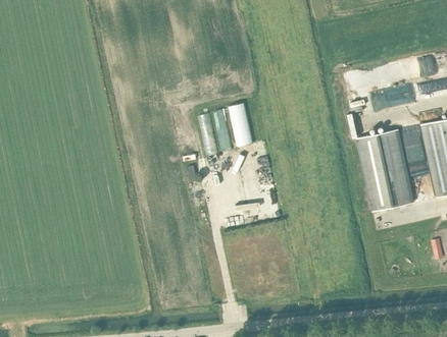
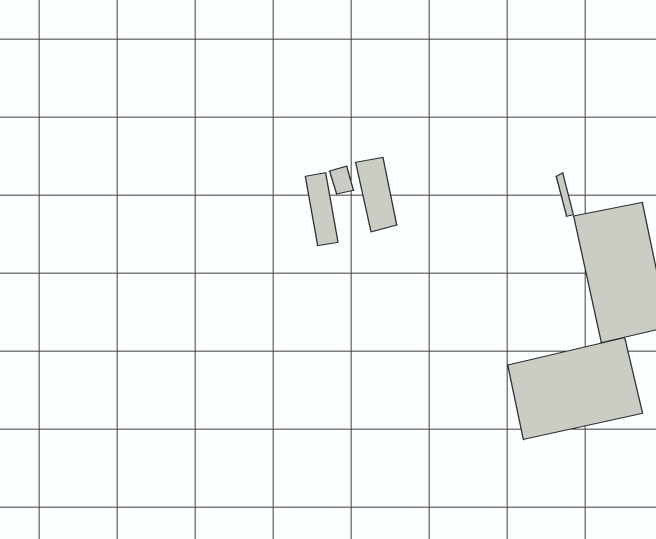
building: none -> [508,338,642,440]

